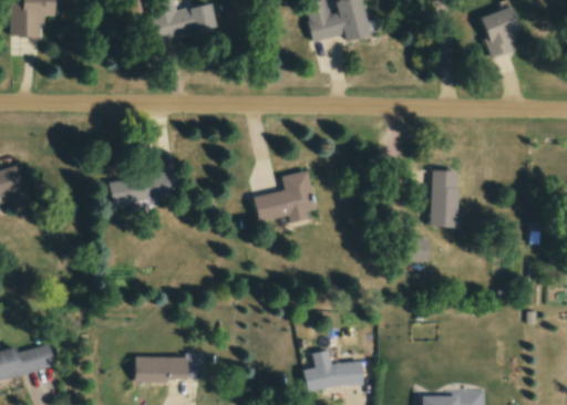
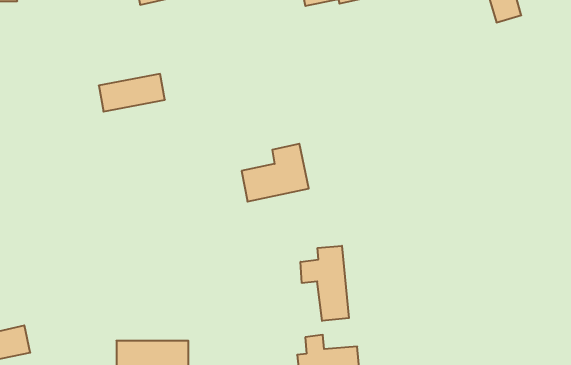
building: [432,170,457,228] -> none
building: [109,172,171,207] -> [99,74,165,112]
building: none -> [301,246,349,321]

